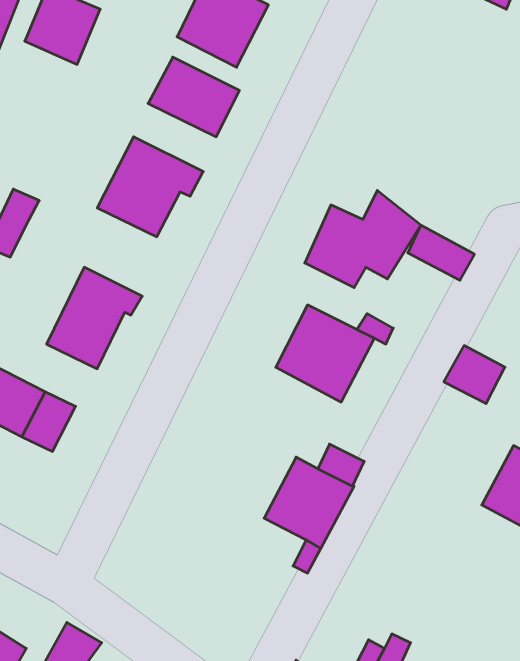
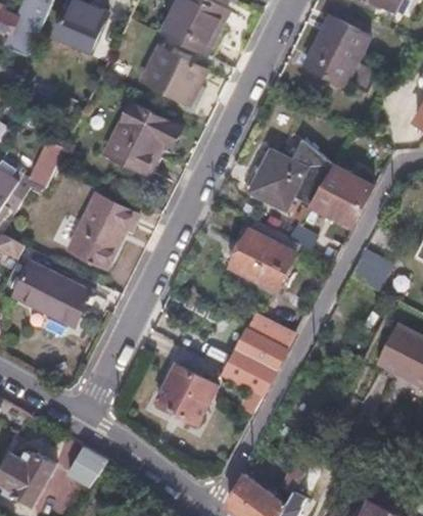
building: none -> [304,18,368,86]
building: none -> [313,186,360,226]
building: none -> [157,366,217,422]

